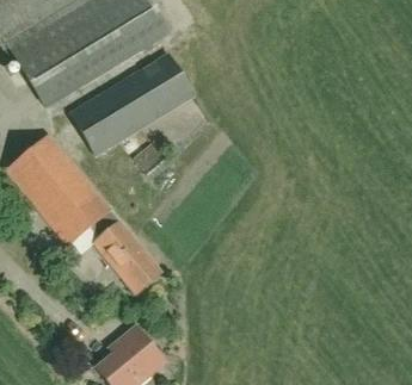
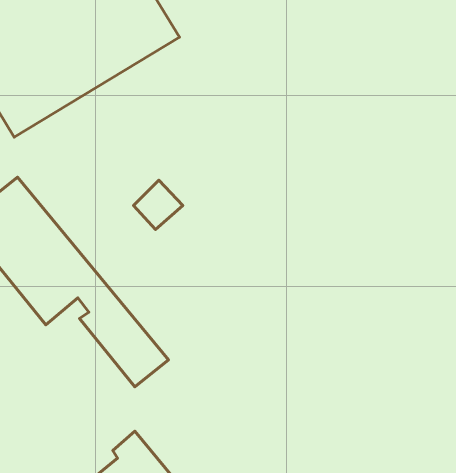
building: [69,52,193,155] -> none

